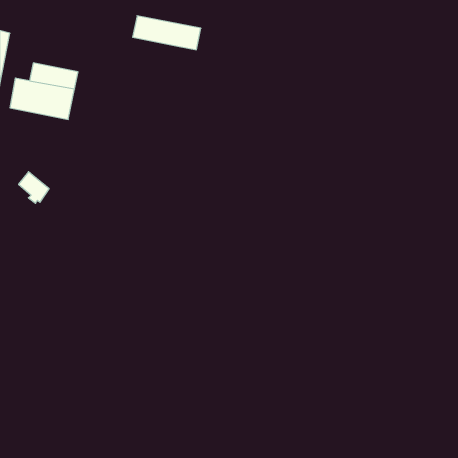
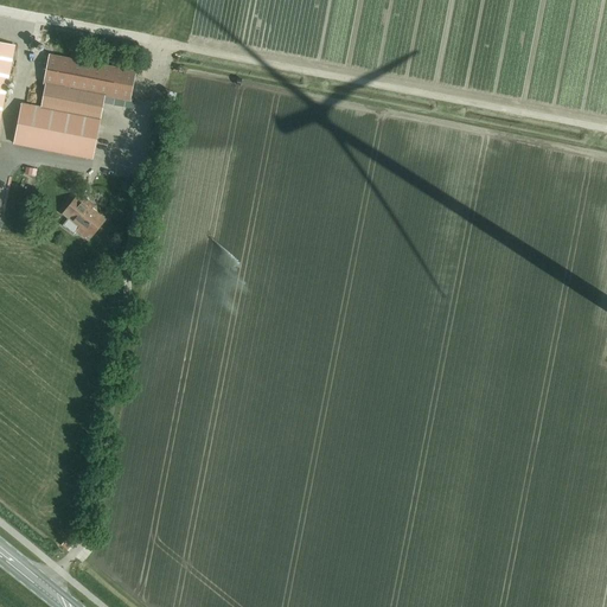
building: [133,16,201,50] -> [44,55,134,100]
building: [19,172,49,203] -> [62,196,102,237]

